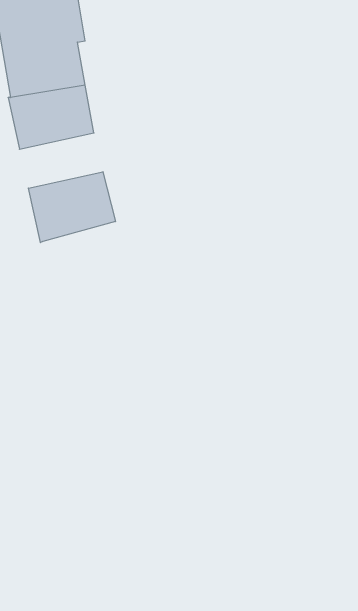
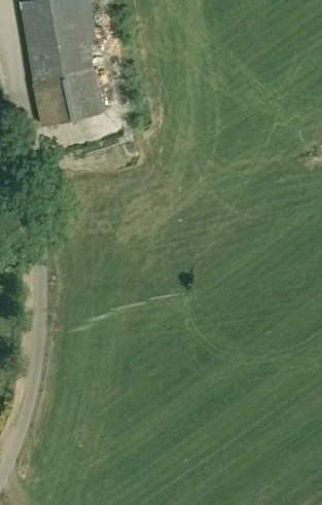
building: [28,172,115,243] -> none

